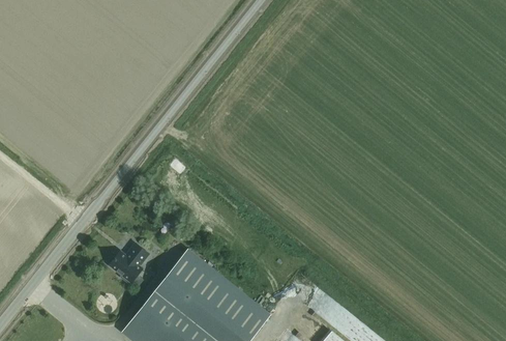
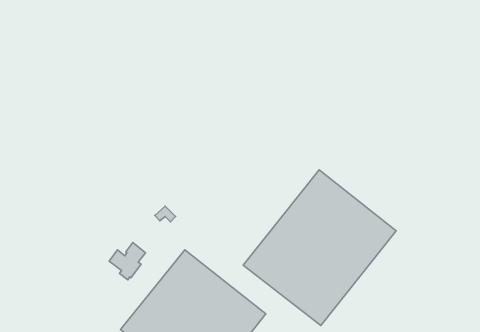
building: none -> [243,170,396,326]

